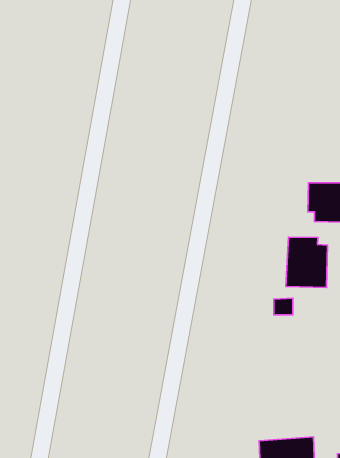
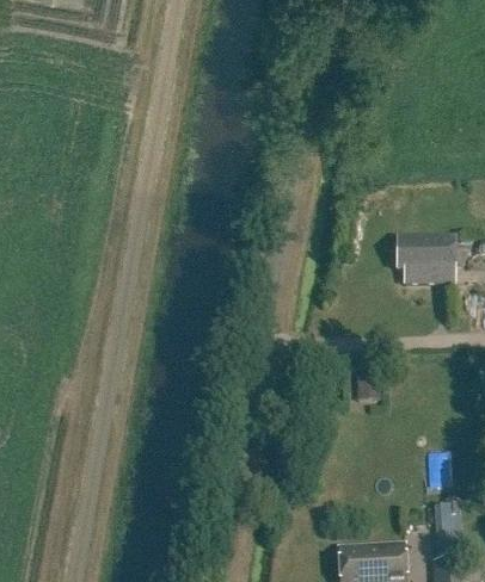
building: [286,237,327,288] -> none

